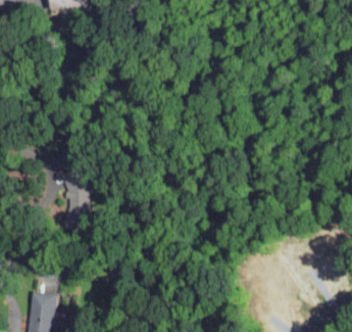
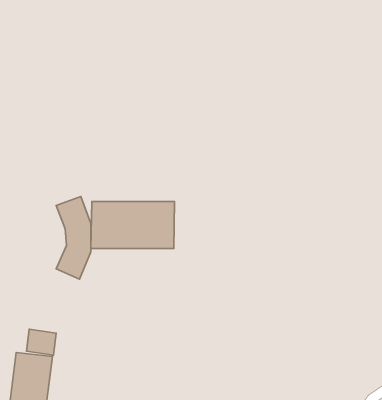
building: none -> [91,201,174,248]

